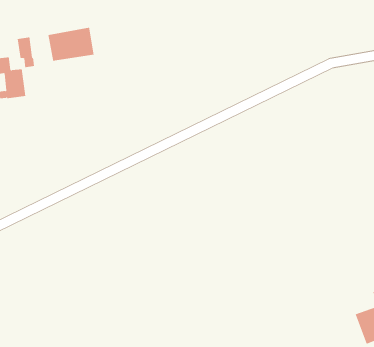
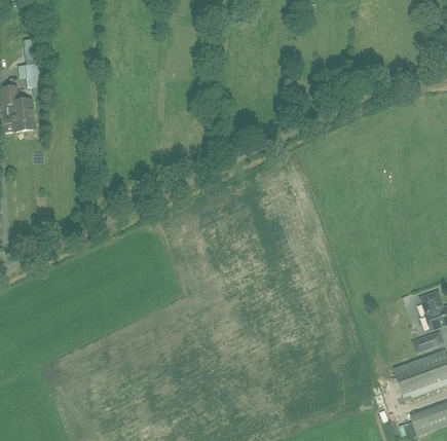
building: [48,27,94,62] -> none

